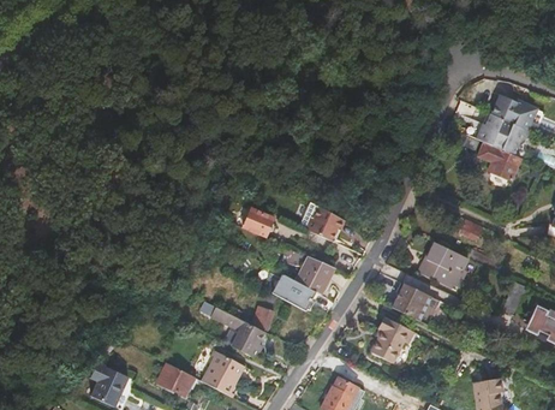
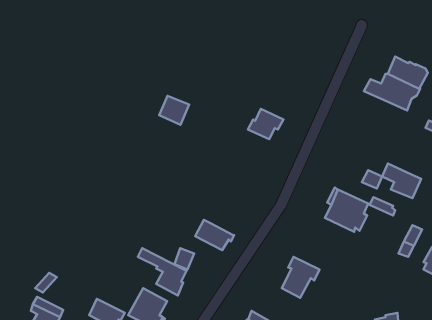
building: [478,142,521,180] -> [382,164,421,198]
building: [243,207,276,239] -> [159,96,189,125]
building: [306,207,346,240] -> [248,109,283,139]
building: [292,255,327,292] -> none
building: [393,284,432,321] -> none

